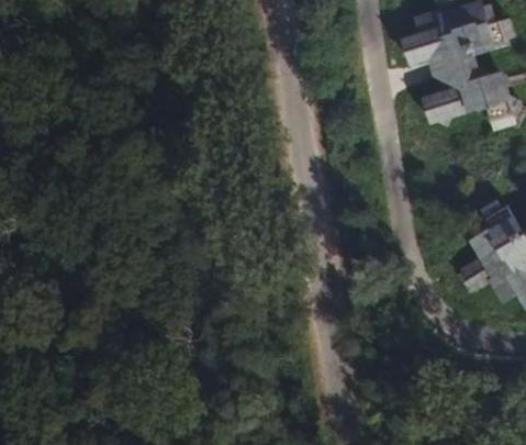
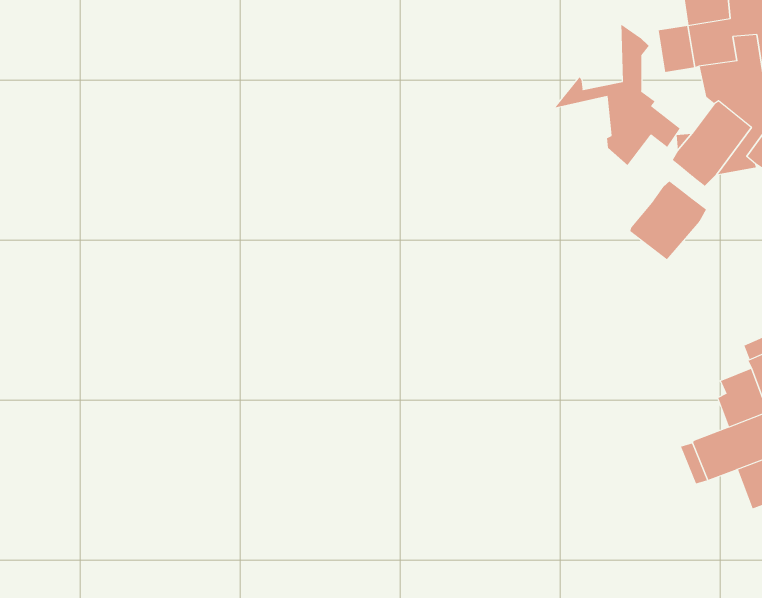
building: none -> [554,24,681,166]
building: none -> [629,181,707,260]

